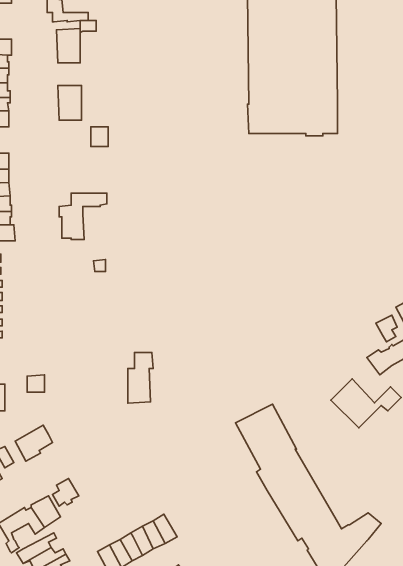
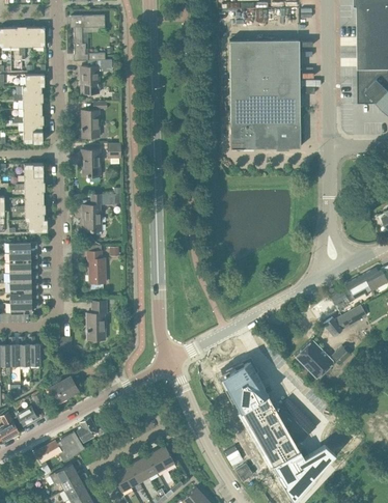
building: none -> [82,149,101,176]
building: none -> [86,246,106,289]
building: [128,353,153,403] -> [87,301,107,340]

